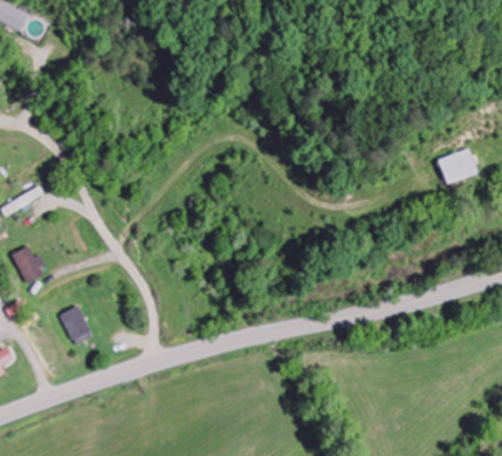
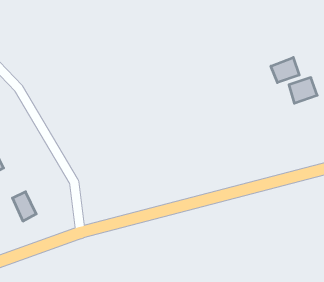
building: none -> [271,57,299,83]

